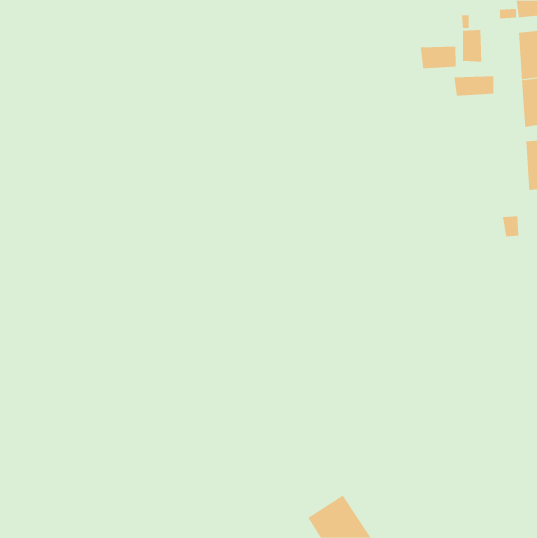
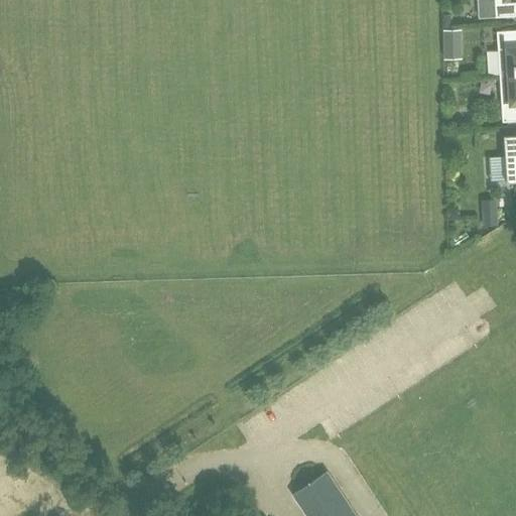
building: [420,46,456,69] -> none
building: [454,76,494,96] -> none

